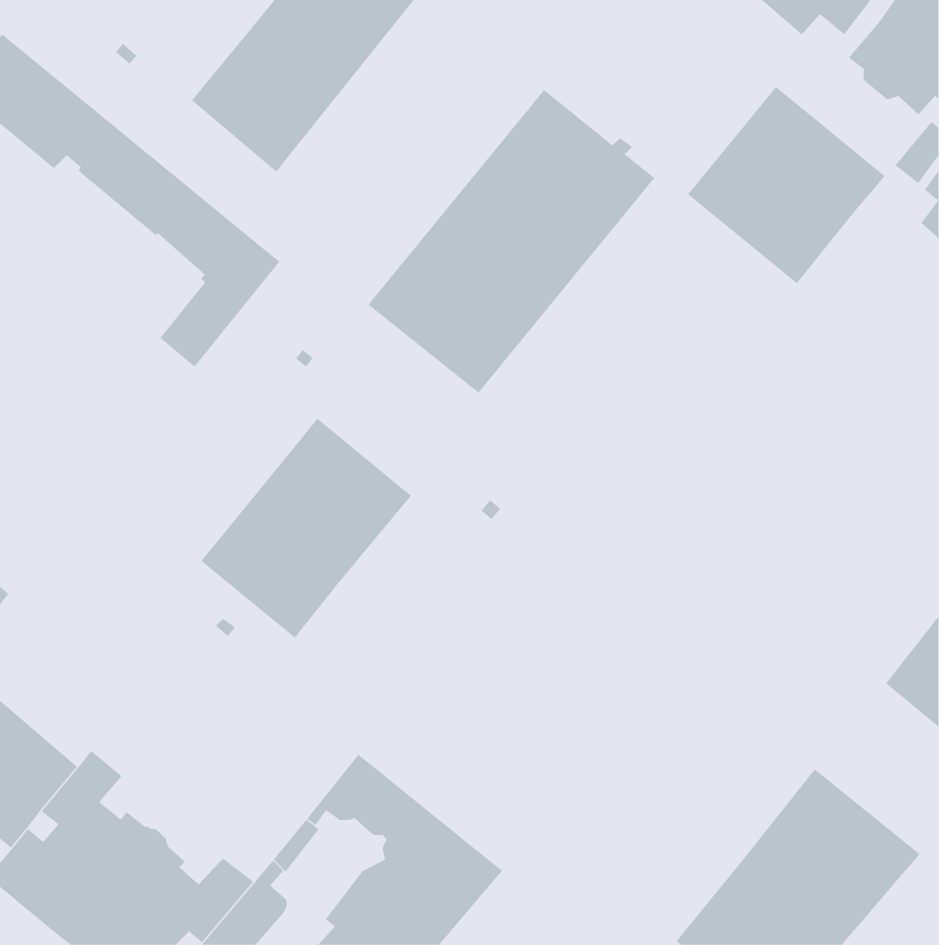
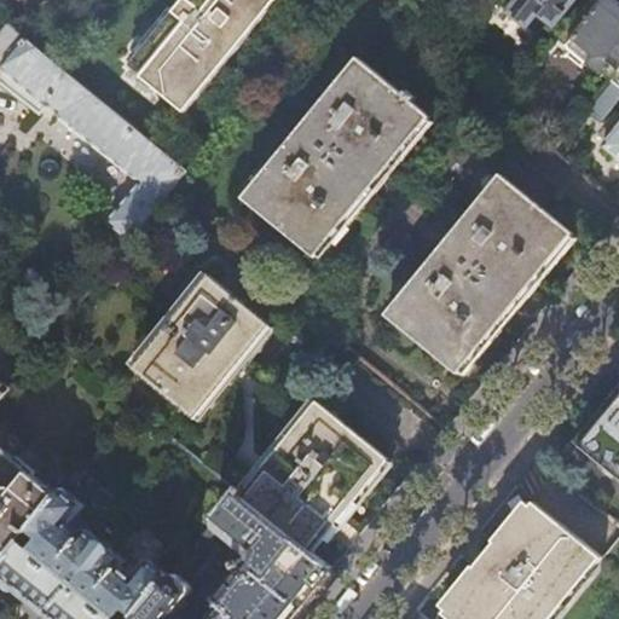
building: [687,86,886,284] -> none
building: none -> [383,174,569,374]
building: none -> [233,401,386,553]

